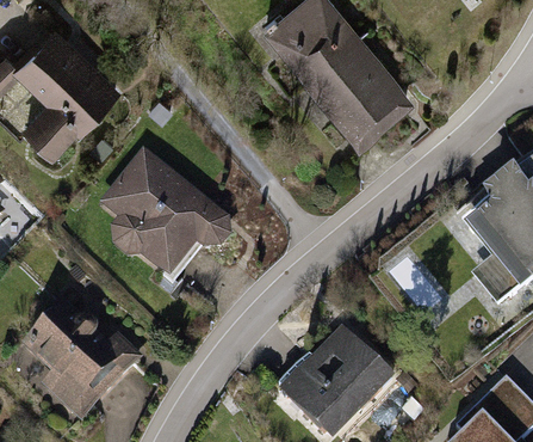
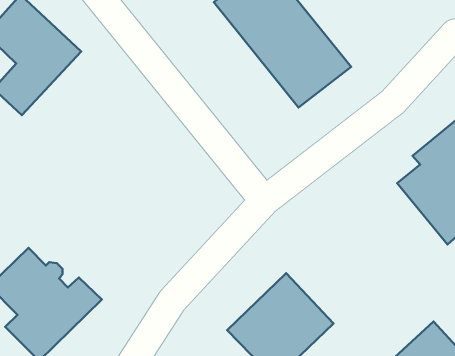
building: [100,146,231,277] -> none

